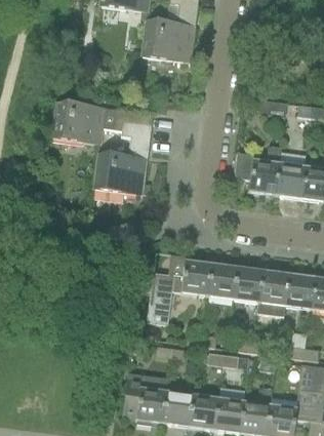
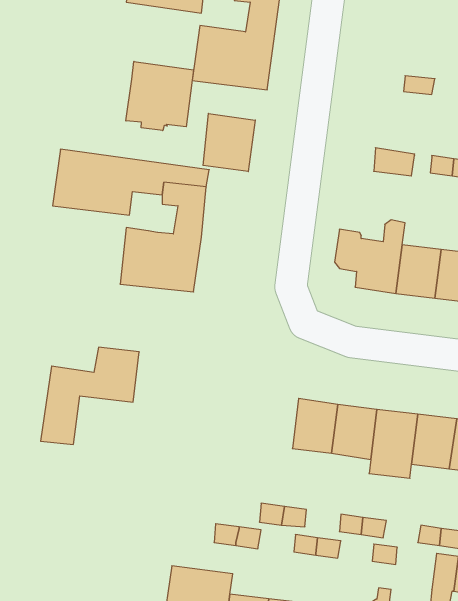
building: none -> [126,61,193,131]
building: none -> [203,113,255,172]
building: [147,260,211,323] -> [41,347,139,444]

